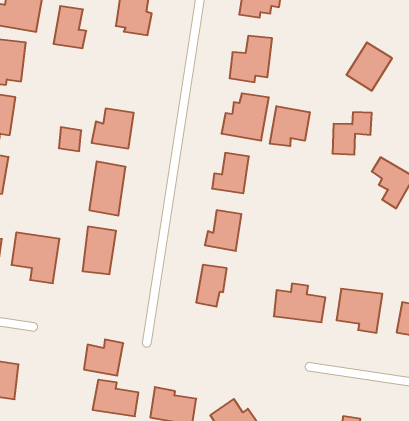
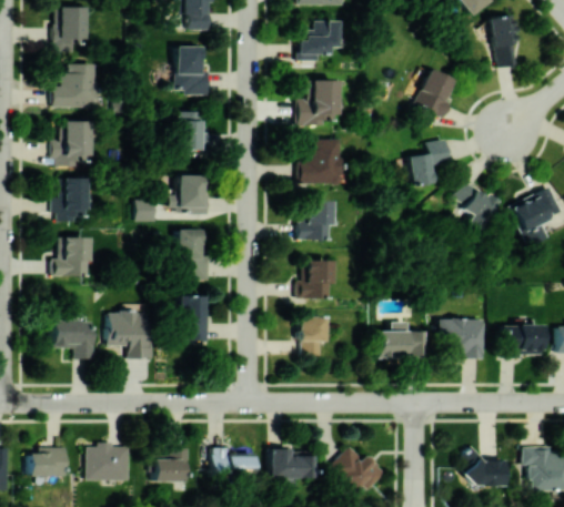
building: [53,6,86,48] -> [179,111,210,150]
building: [270,106,310,146] -> none
building: [84,339,123,376] -> [154,447,190,481]

